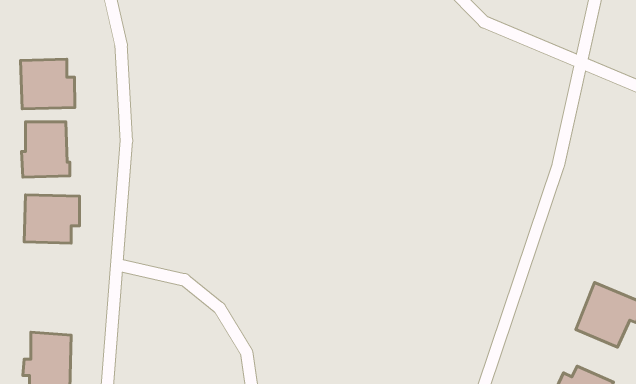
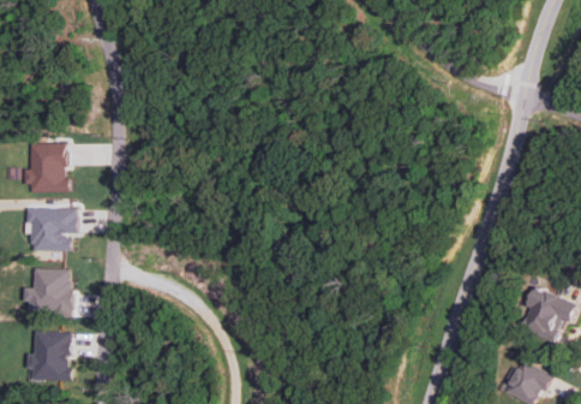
building: [21,59,75,109] -> none
building: none -> [25,267,72,311]

